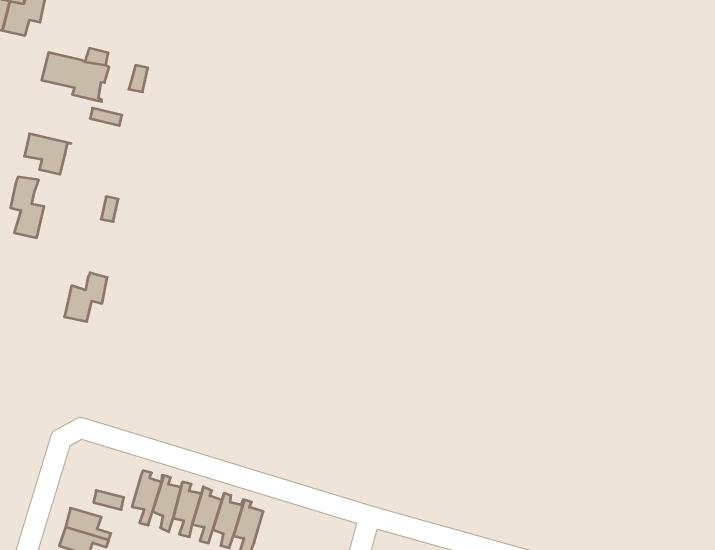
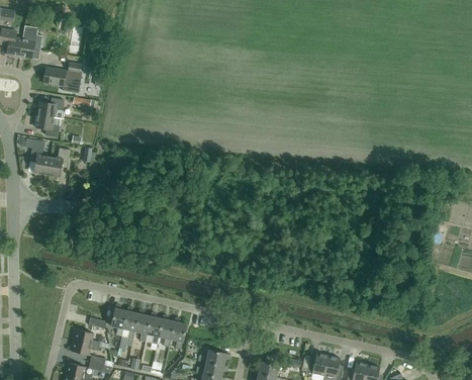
building: none -> [37,98,63,119]
building: [64,273,107,322] -> [45,149,69,177]

